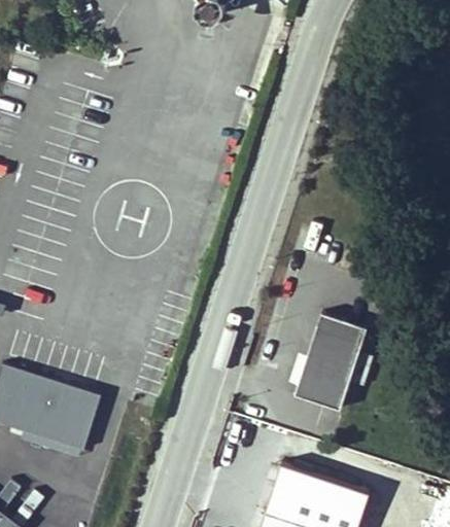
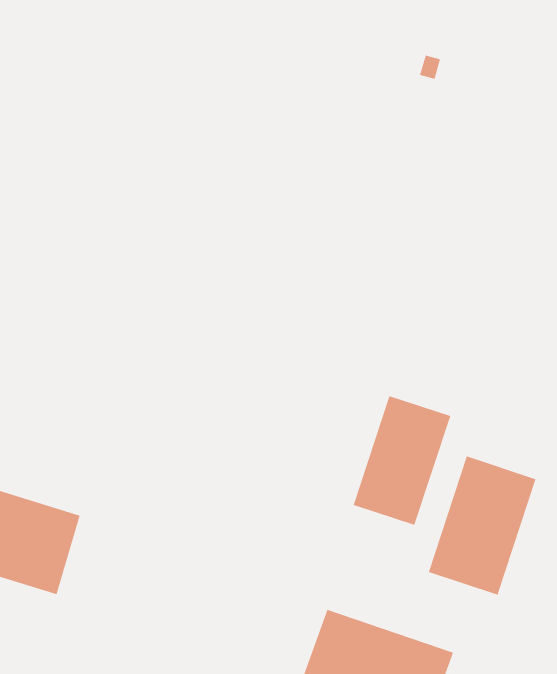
building: none -> [428,456,536,595]

